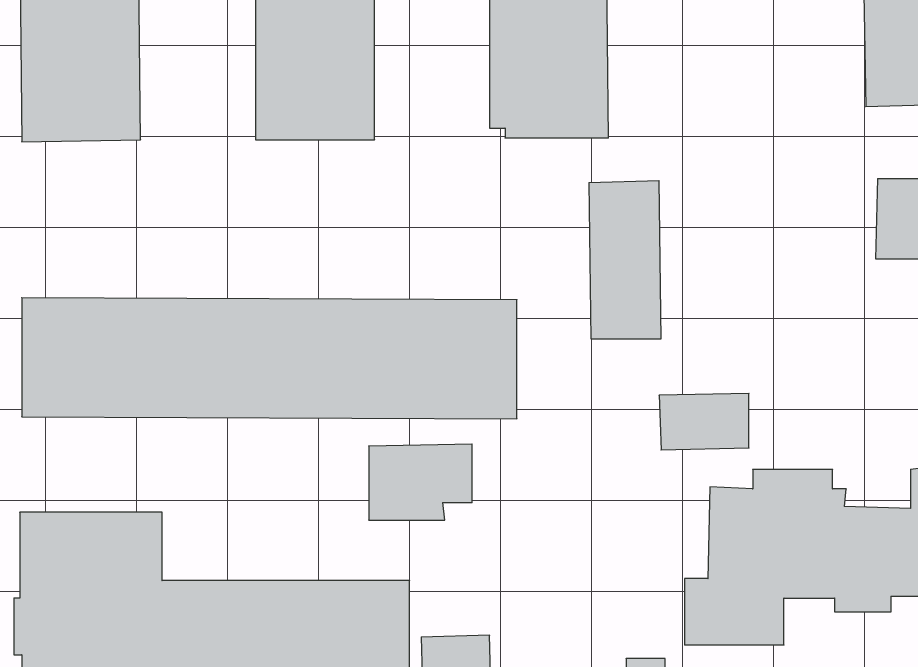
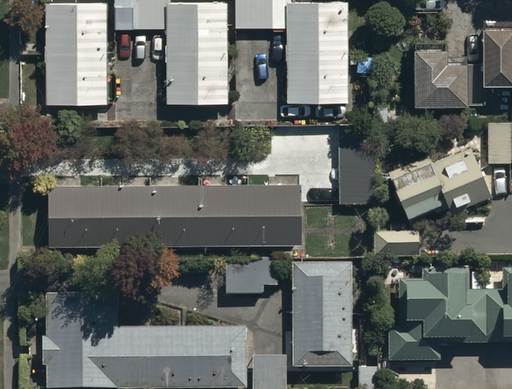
building: none -> [410,43,464,99]
building: none -> [388,153,491,218]
building: none -> [292,263,352,368]

